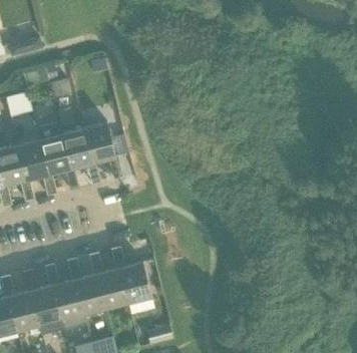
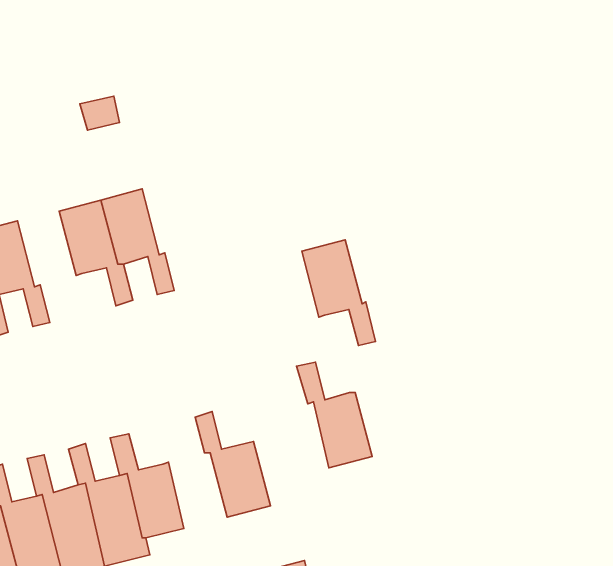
building: [83,122,122,179] -> [302,240,375,345]
building: [17,140,56,196] -> none
building: [88,253,128,309] -> [297,362,372,468]

